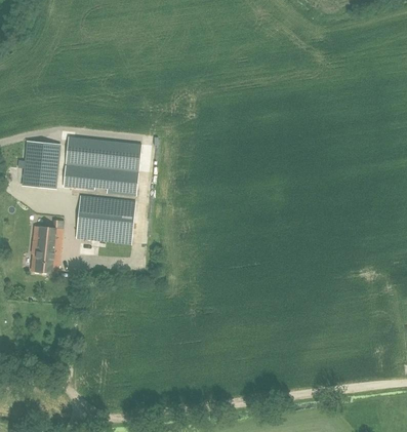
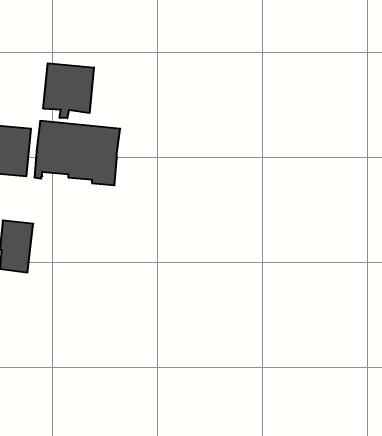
building: none -> [43,63,94,118]
building: [76,196,134,243] -> none

